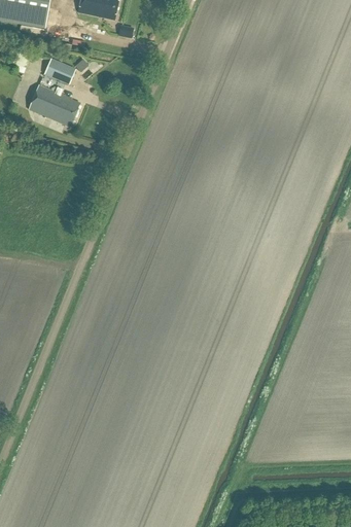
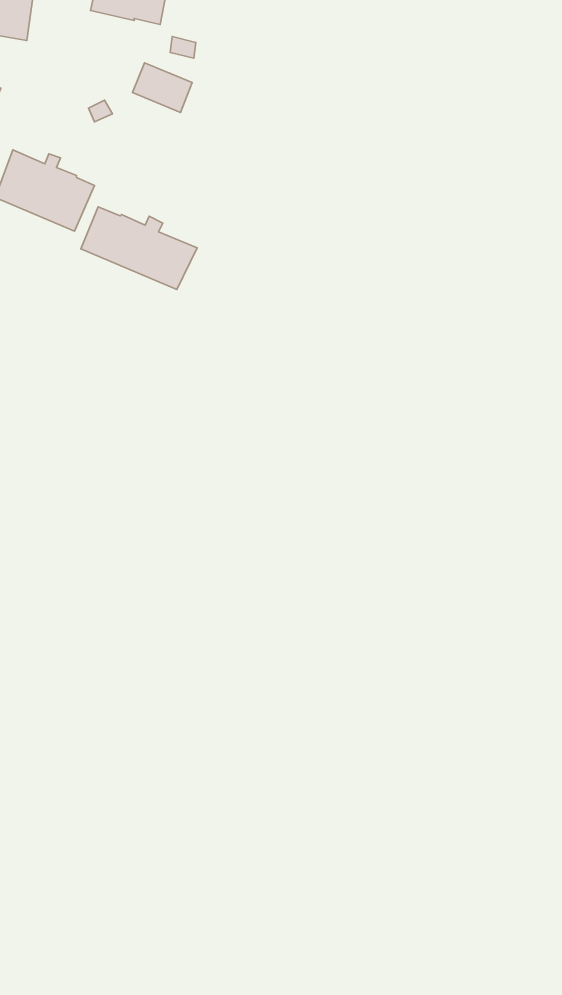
building: [43,56,74,81] -> [133,63,192,112]
building: none -> [81,207,197,289]

